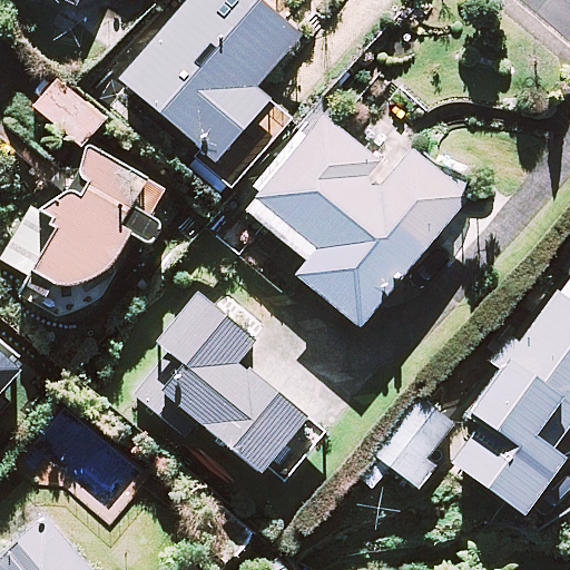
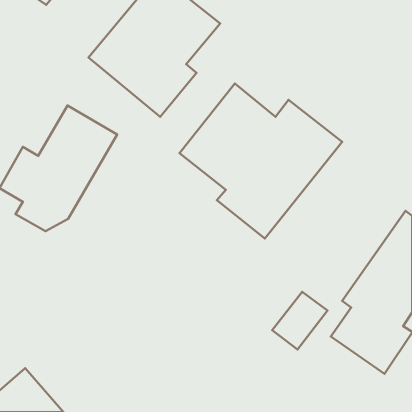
building: [132,292,325,487] -> none

